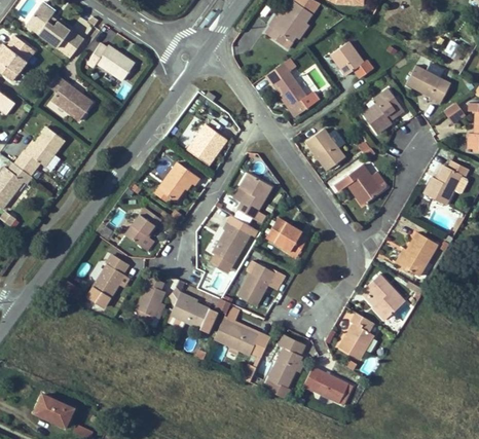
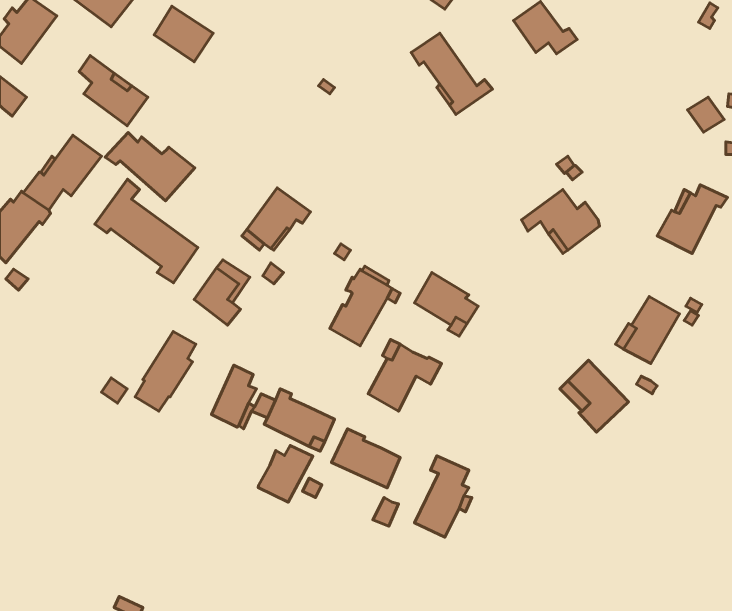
building: [406,65,451,104] -> none
building: [363,87,404,134] -> none
building: [187,124,227,166] -> none
building: none -> [105,133,195,201]
building: [306,129,344,170] -> none
building: none -> [95,179,198,283]
building: [236,173,271,218] -> none
building: [339,313,373,359] -> none
building: none -> [258,445,313,502]
building: [303,366,353,404] -> none
building: [35,395,73,430] -> none

